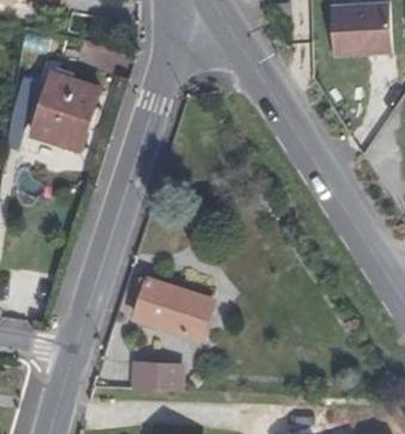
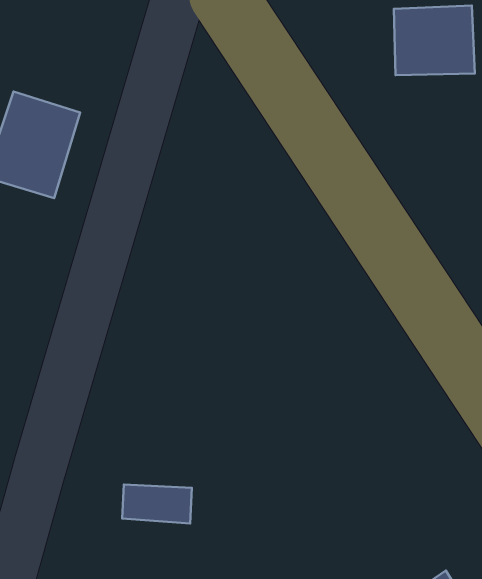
building: [134,276,213,338] -> none

